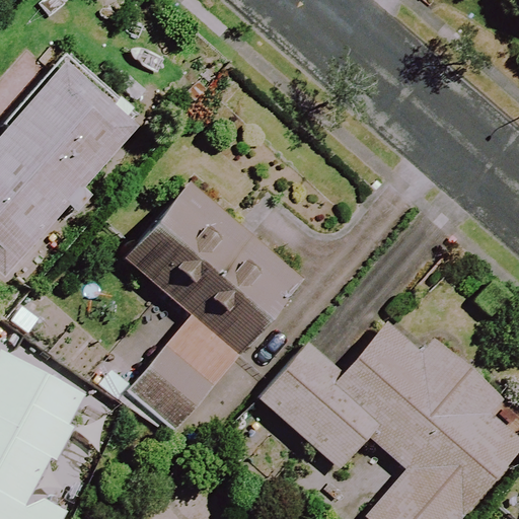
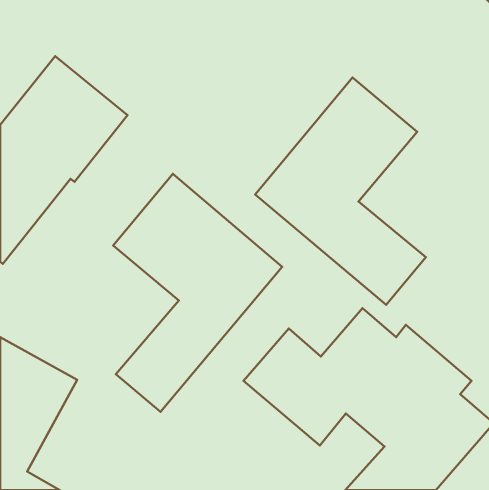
building: none -> [255,77,426,305]

